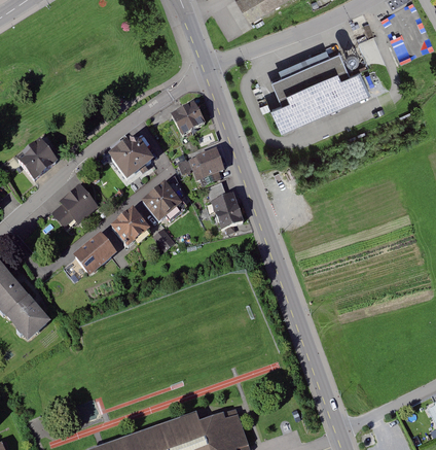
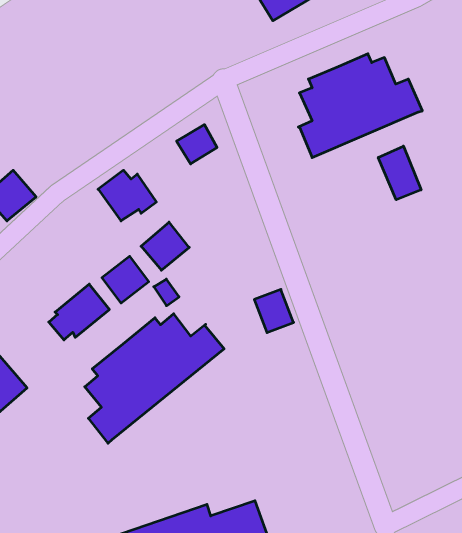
building: none -> [378,146,421,200]
building: [191,151,223,182] -> none
building: [52,187,99,231] -> none
building: [212,195,244,230] -> [254,289,294,333]
building: none -> [85,314,224,443]

